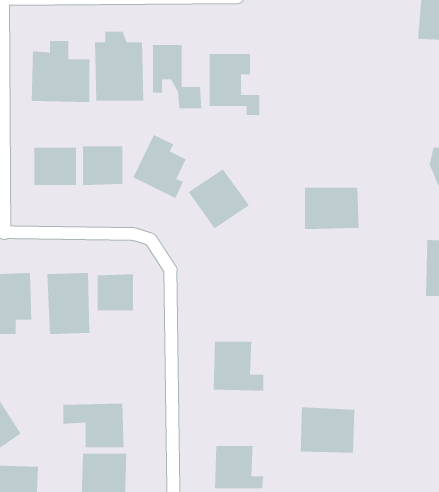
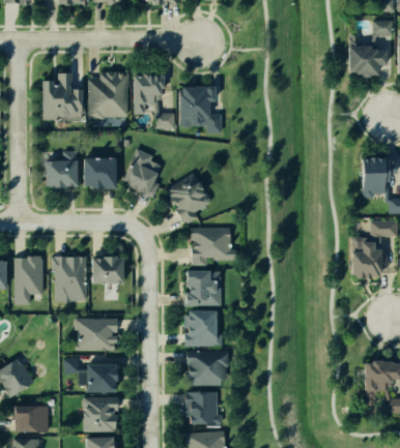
building: [304,187,360,229] -> [190,228,233,261]
building: none -> [182,272,217,306]
building: none -> [76,317,118,350]
building: [300,407,355,453] -> [185,351,229,387]

